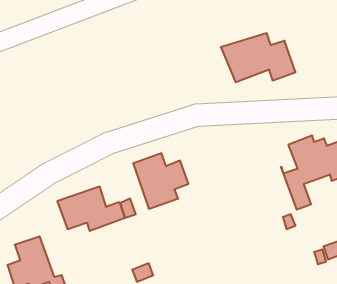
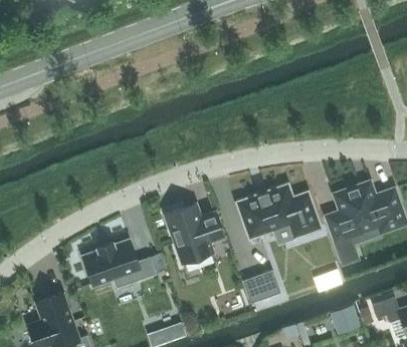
building: [221,33,296,82] -> [237,187,319,240]
building: none -> [242,270,281,304]
building: none -> [332,307,360,335]

